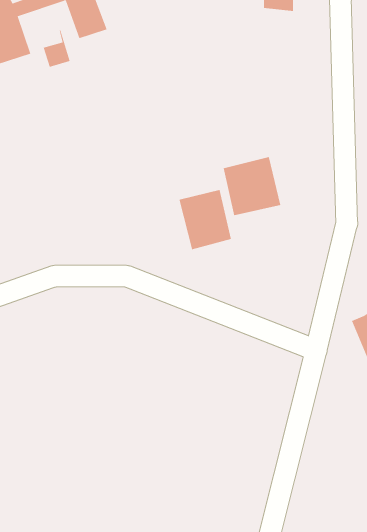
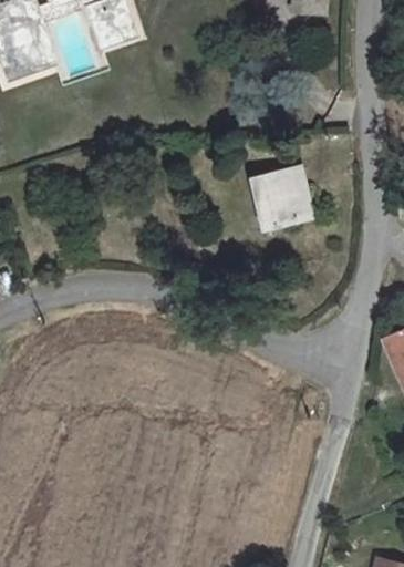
building: [179,189,231,250] -> none

